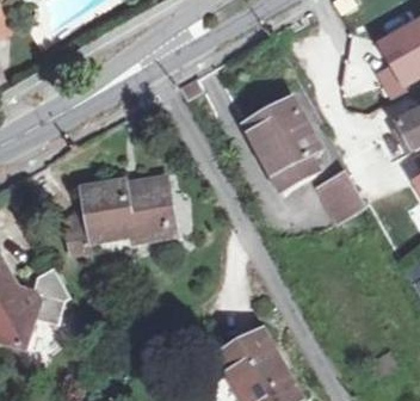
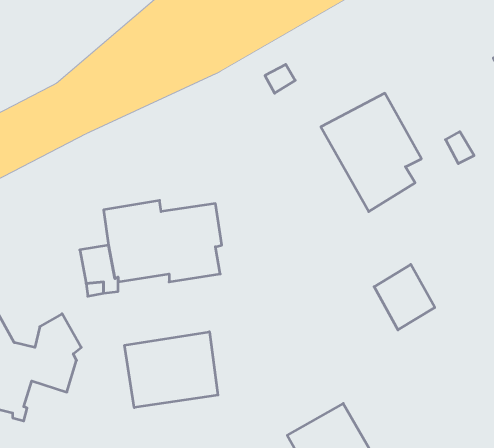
building: [317,172,363,221] -> [374,264,435,330]
building: none -> [125,332,218,408]

